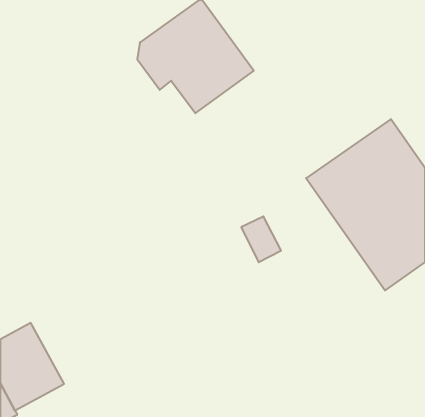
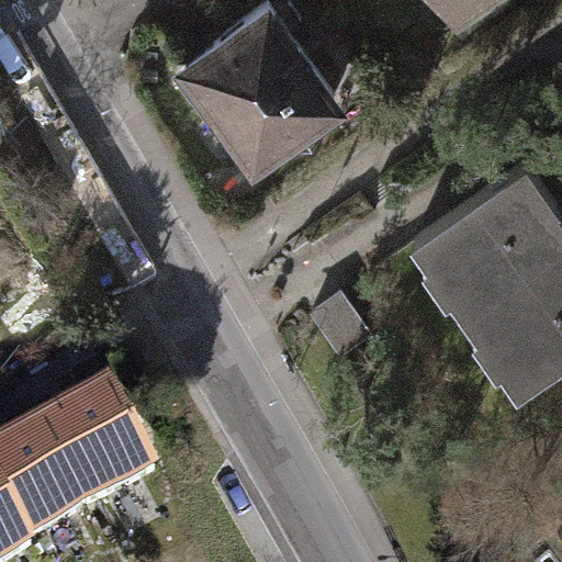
building: none -> [41,401,150,517]

